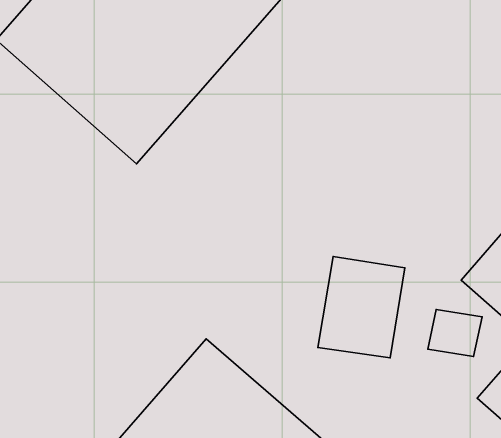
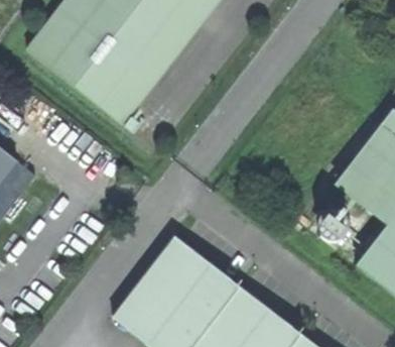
building: [318,256,405,358] -> none

